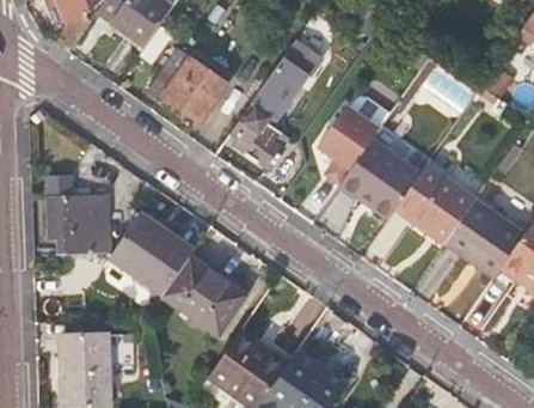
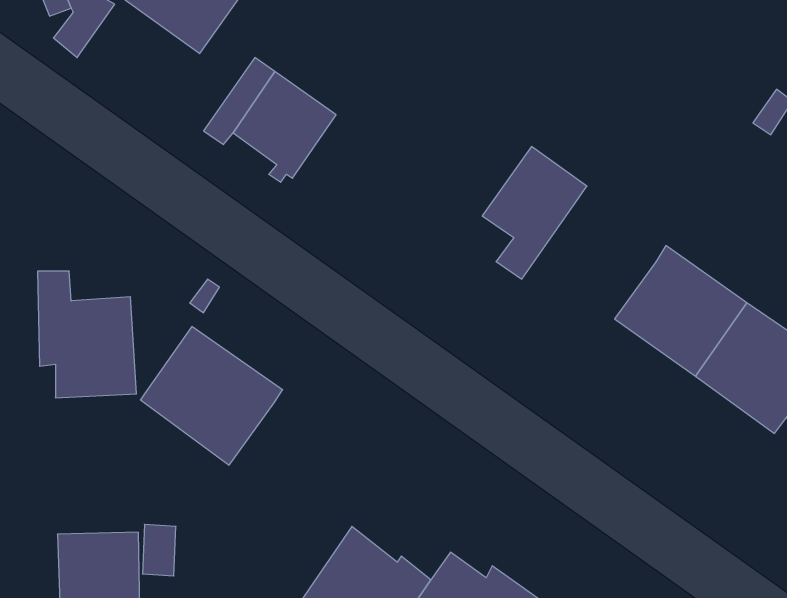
building: [229,39,323,168] -> none
building: [342,138,423,217] -> none
building: [165,256,250,334] -> none

